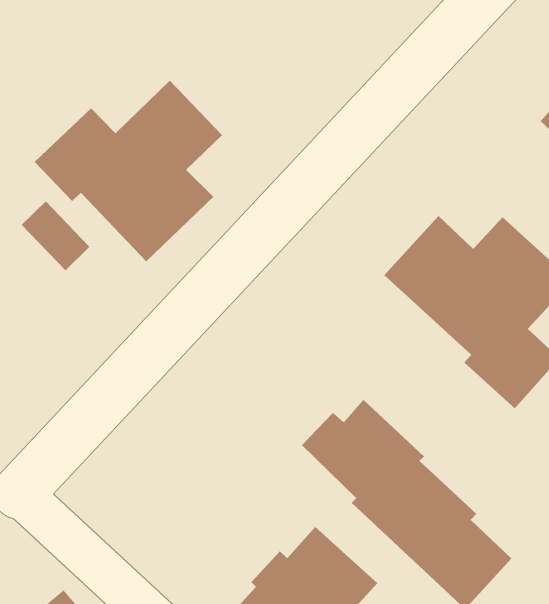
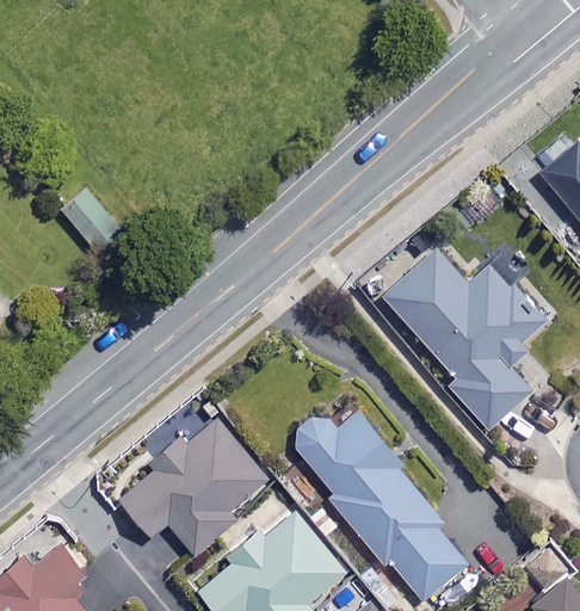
building: [34,80,223,262] -> none
building: none -> [121,414,267,553]

